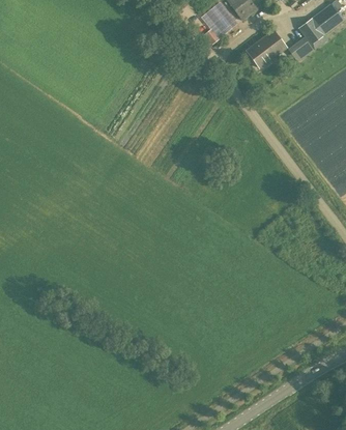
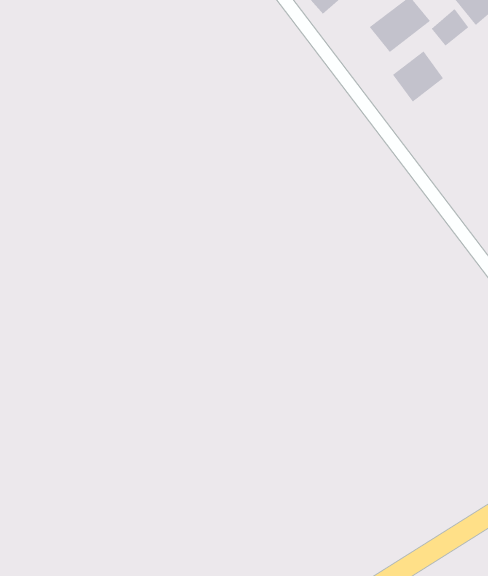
building: none -> [392,51,444,103]

